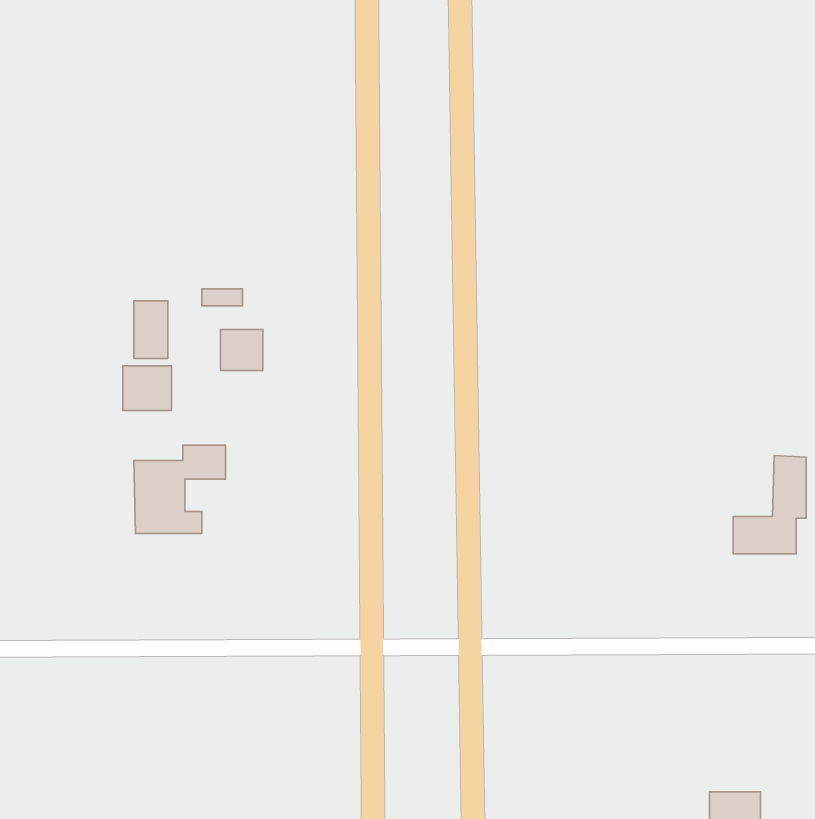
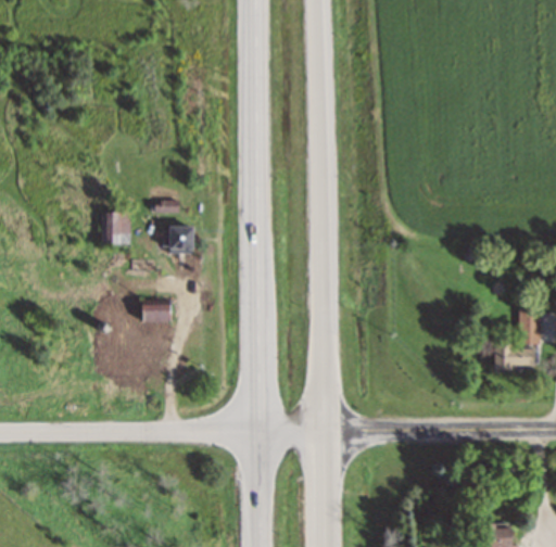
building: [123,366,172,411] -> none

